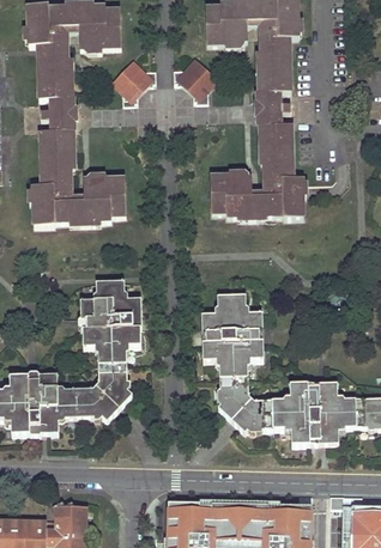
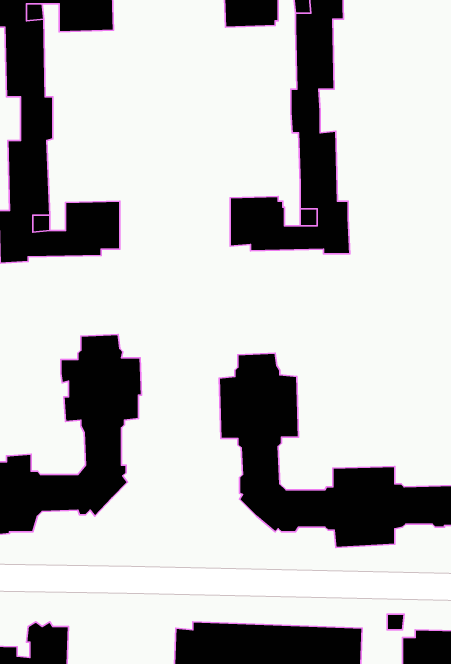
building: [173,61,214,102] -> none
building: [114,62,155,104] -> none

